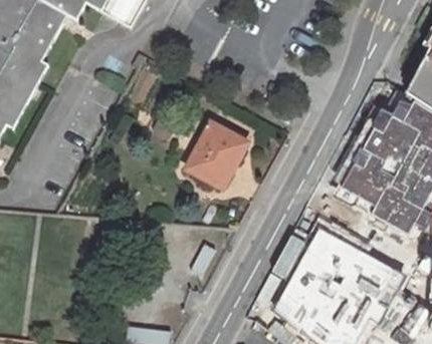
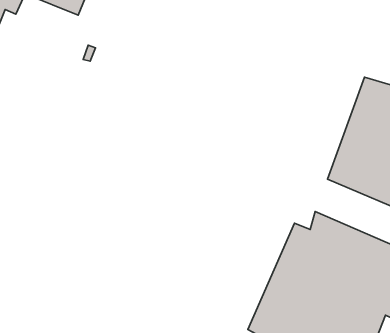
building: [186,119,247,184] -> none

